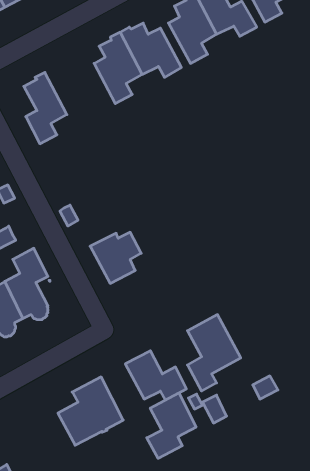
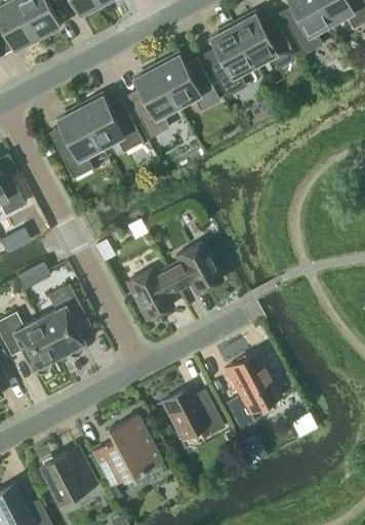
building: none -> [80,95,143,151]
building: none -> [167,242,221,294]
building: [147,393,196,458] -> none
building: none -> [40,446,96,503]

